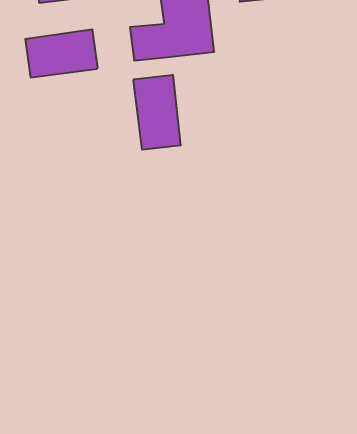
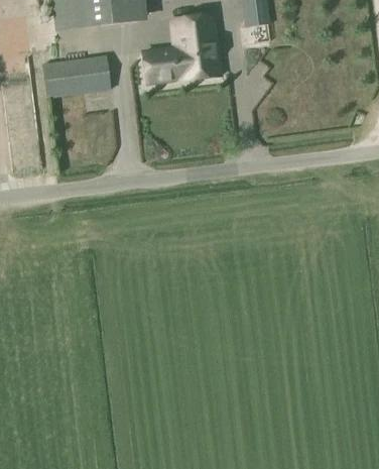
building: [134,75,181,150] -> none

